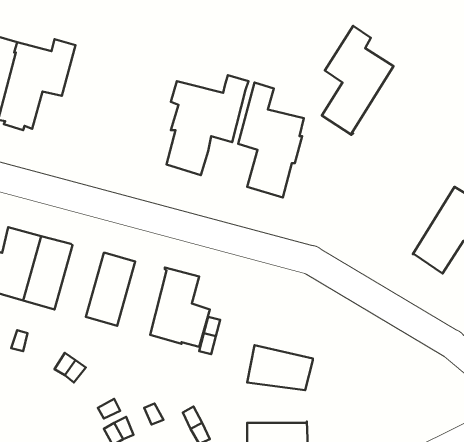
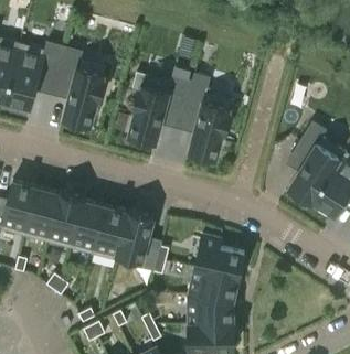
building: [322,26,393,135] -> [289,122,342,203]
building: none -> [56,49,105,126]
building: none -> [46,194,84,248]
building: none -> [93,207,129,261]
building: none -> [194,236,244,280]
building: none -> [189,297,233,326]

